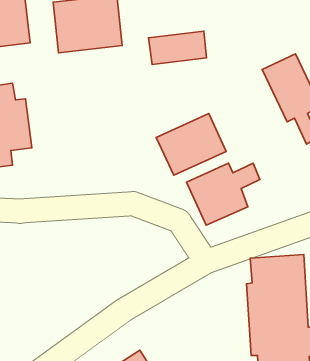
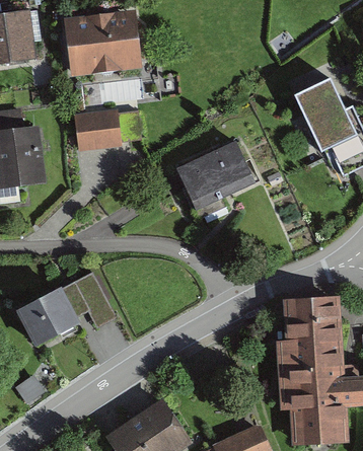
building: [149,31,207,64] -> [78,108,142,145]
building: [187,163,260,225] -> none
building: none -> [14,272,120,349]

